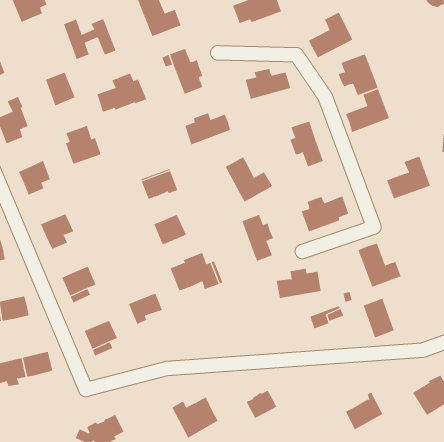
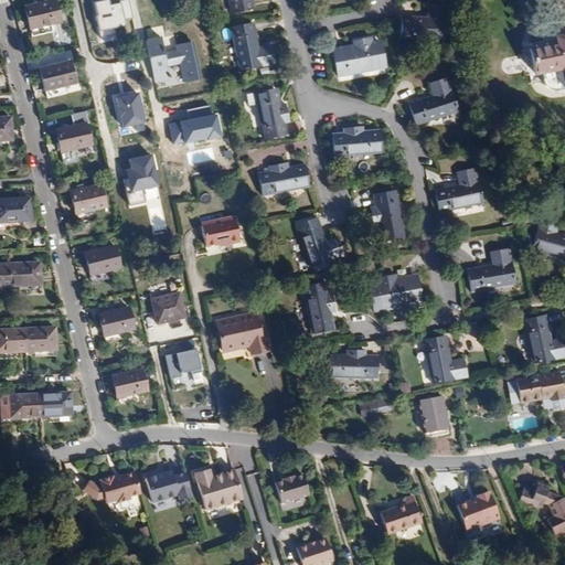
building: [338,53,378,96] -> none
building: [153,214,187,245] -> [151,291,185,322]
building: none -> [147,468,194,501]

